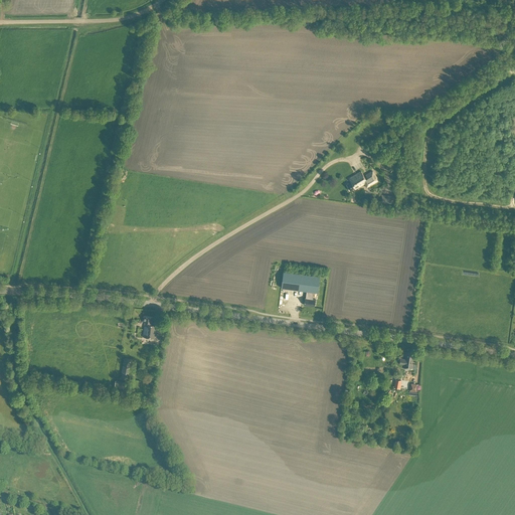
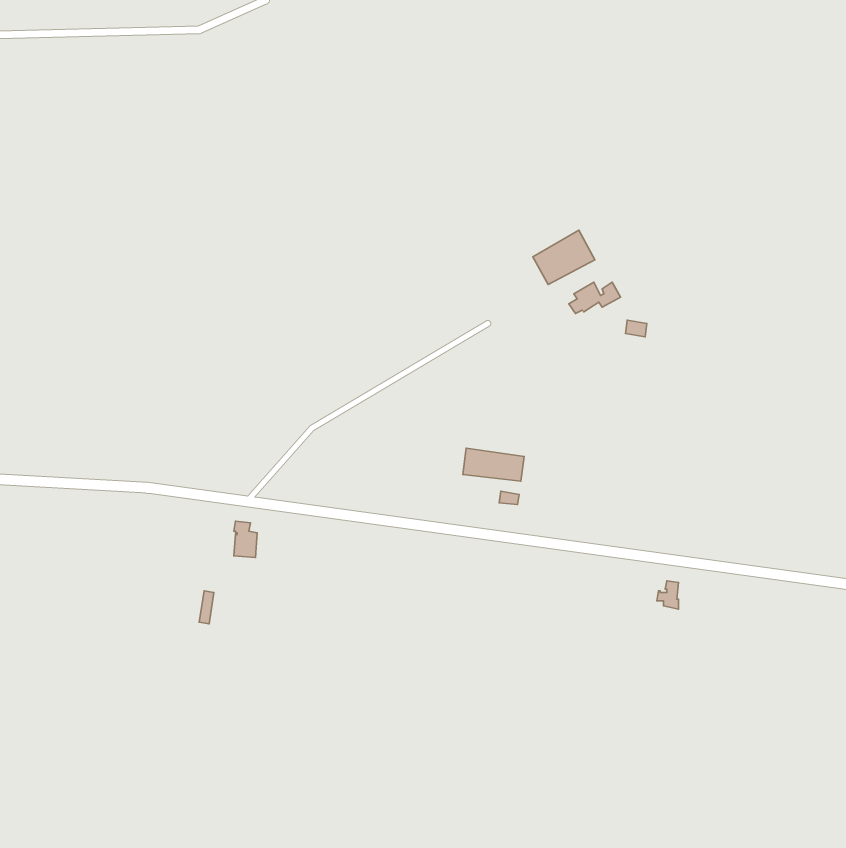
building: none -> [533,230,595,285]

